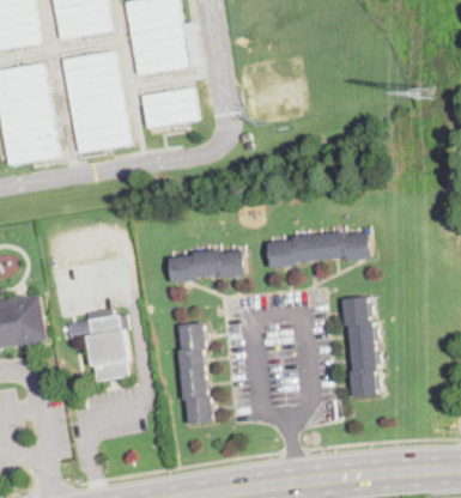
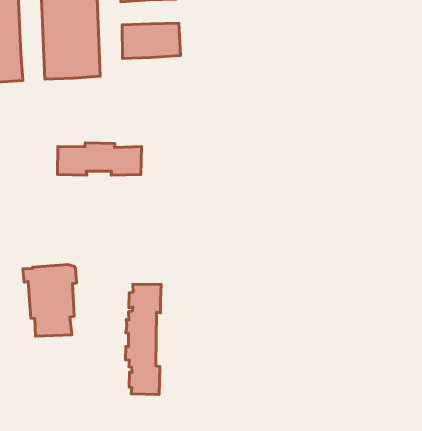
building: [268,231,371,268] -> none
building: [169,249,245,283] -> [57,143,141,175]
building: [341,296,380,397] -> none

